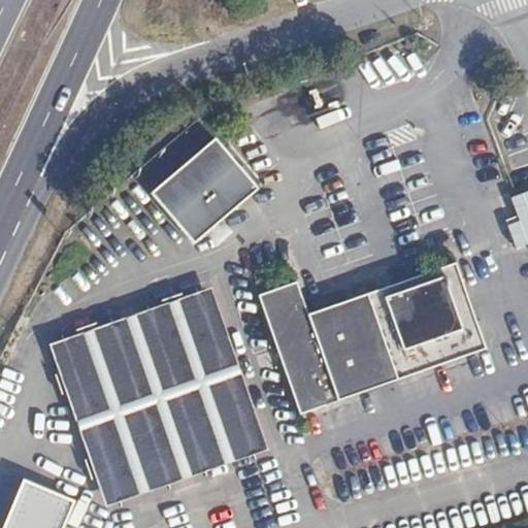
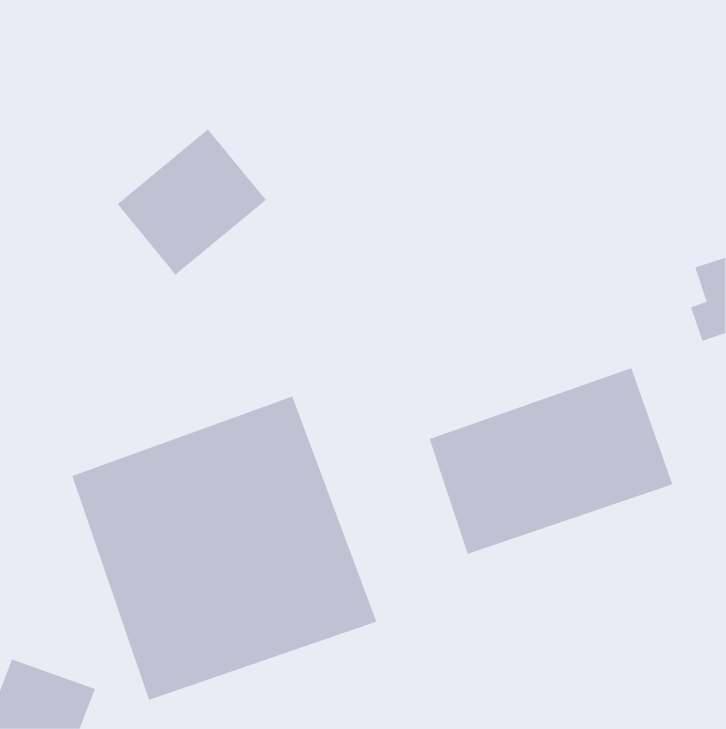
building: [147,137,256,243] -> [117,128,267,276]
building: [254,278,337,415] -> none

